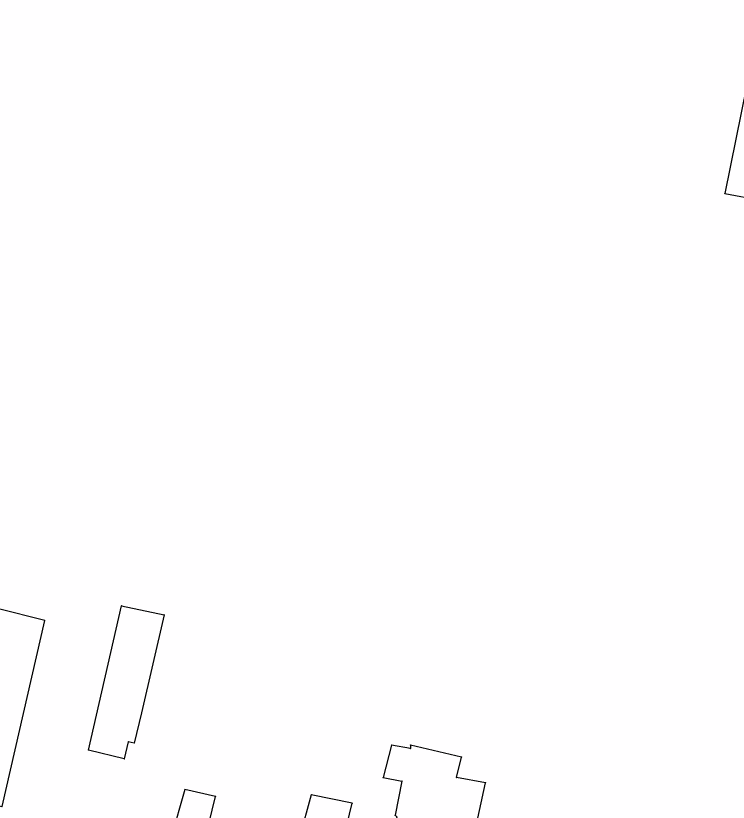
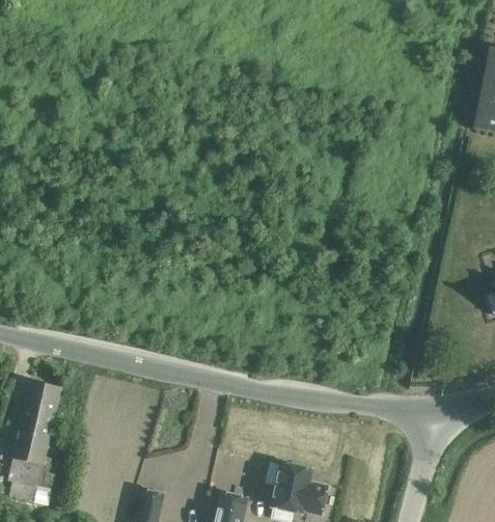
building: [88,606,164,759] -> none

